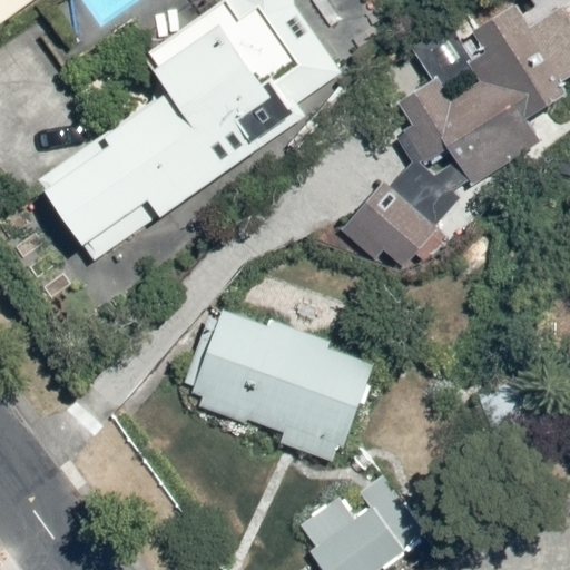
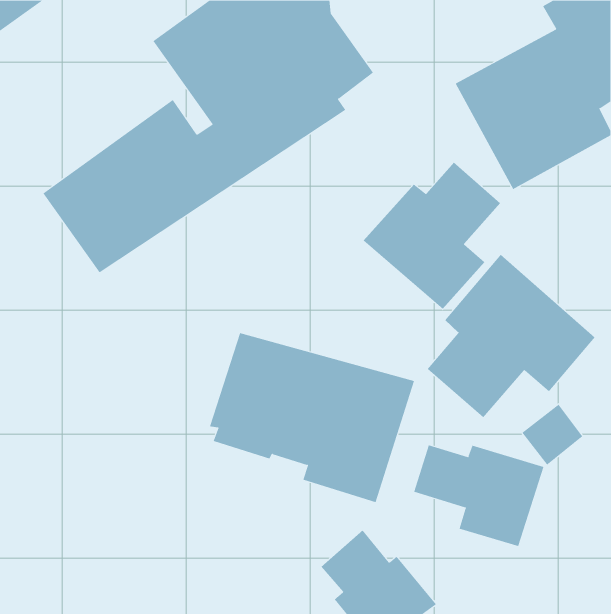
building: none -> [427,254,595,418]
building: none -> [414,444,544,547]

